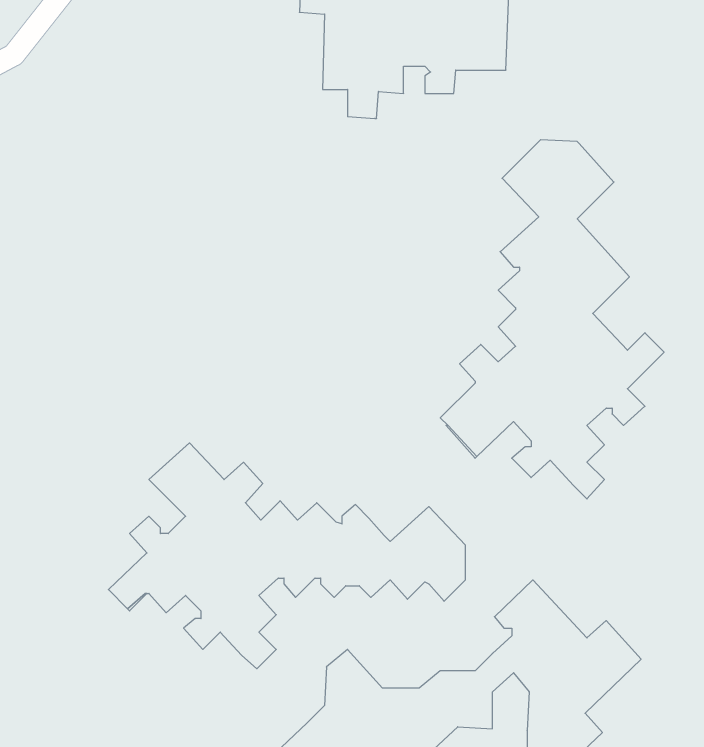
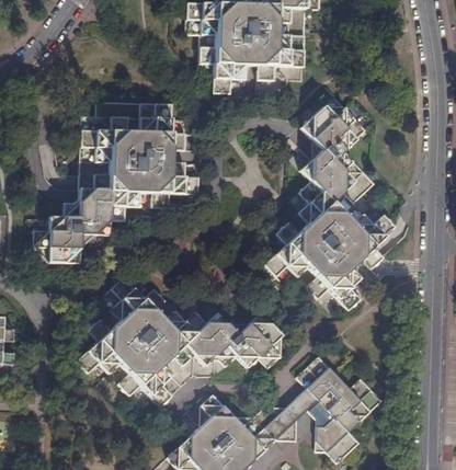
building: none -> [34,102,198,262]

